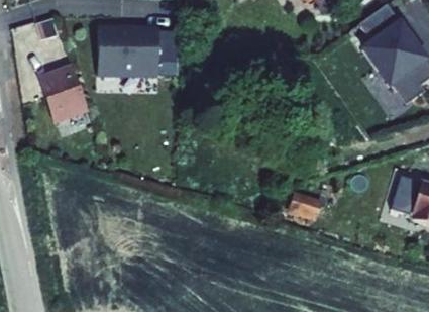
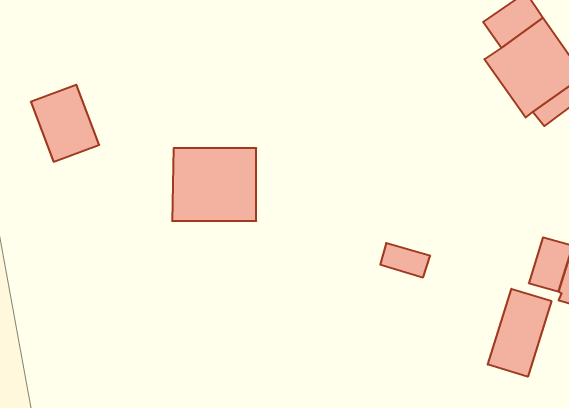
building: [100,25,159,77] -> [172,148,256,221]
building: none -> [488,289,551,377]

